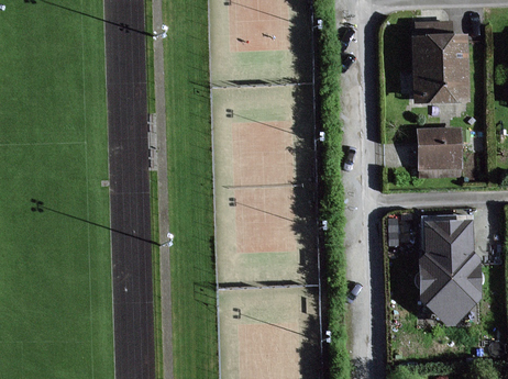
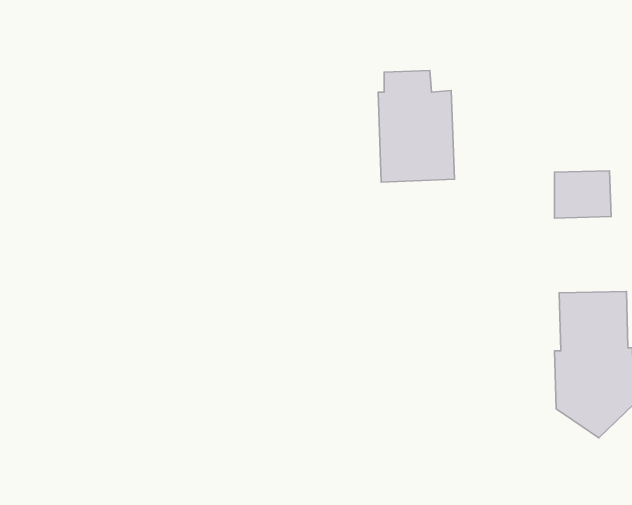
building: [413,23,468,103] -> [378,71,454,182]

